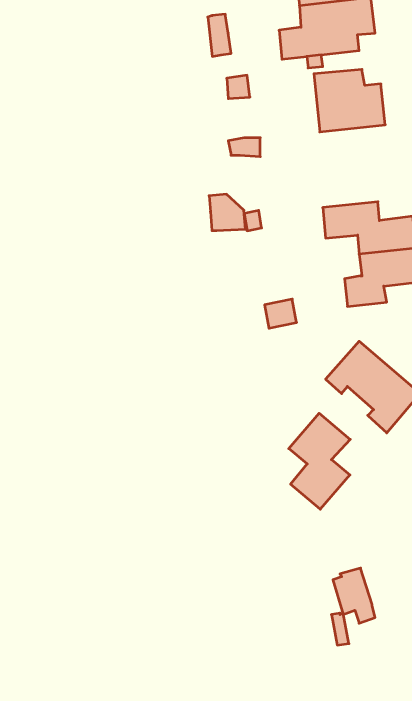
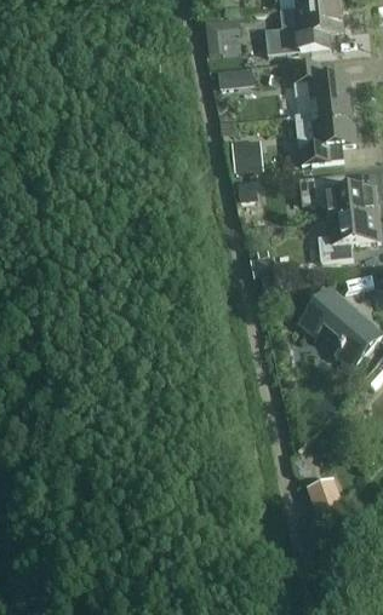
building: none -> [296,109,355,163]
building: [209,194,245,231] -> [233,140,263,171]
building: [289,413,350,509] -> none

